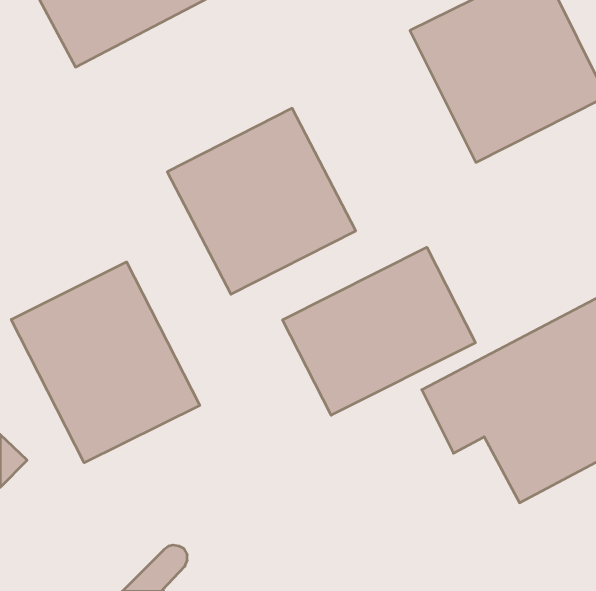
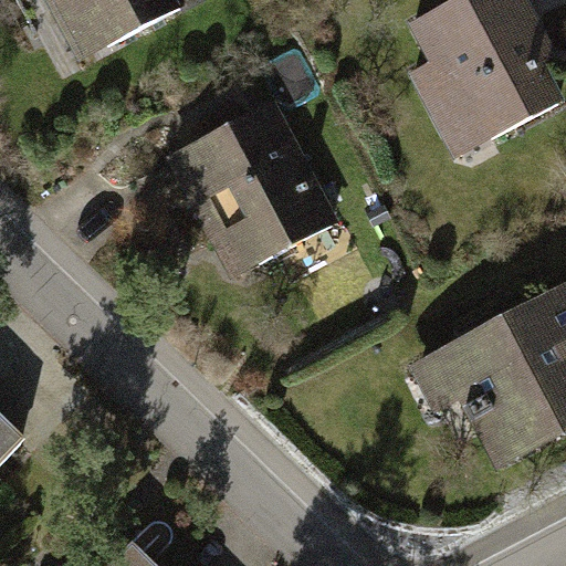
building: [283,247,475,415] -> none
building: [11,262,200,463] -> none

